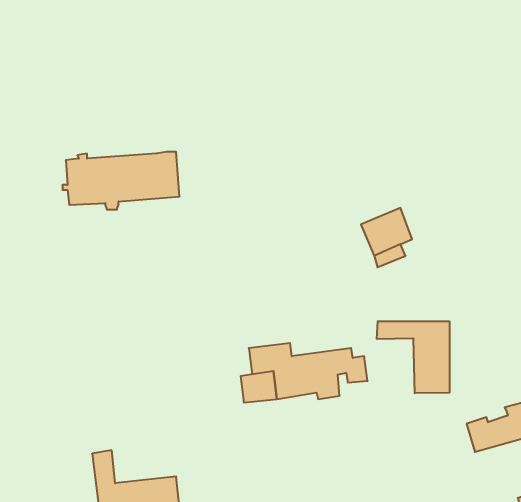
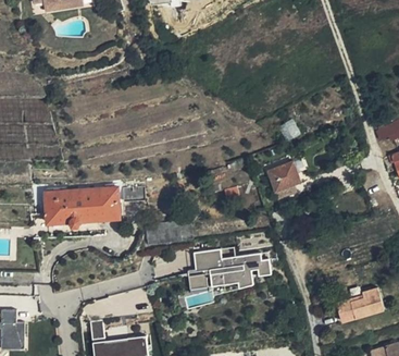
building: [62,152,180,210] -> [43,187,121,225]
building: [377,321,449,393] -> none

